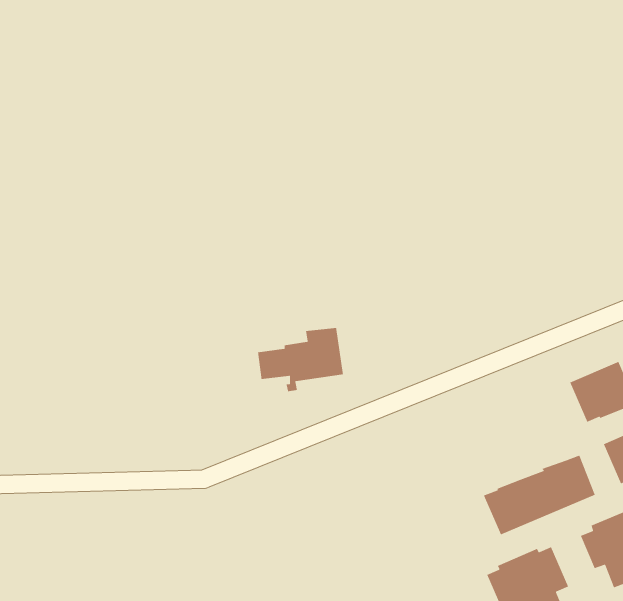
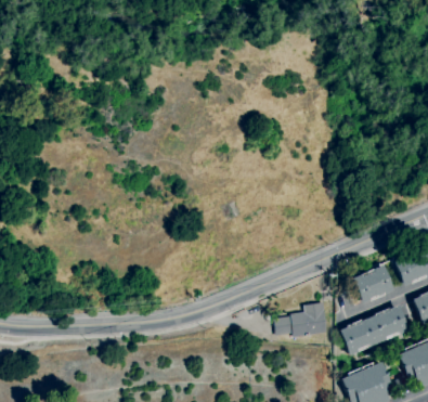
building: [257,327,344,392] -> [274,302,327,342]
building: none -> [351,264,392,302]

